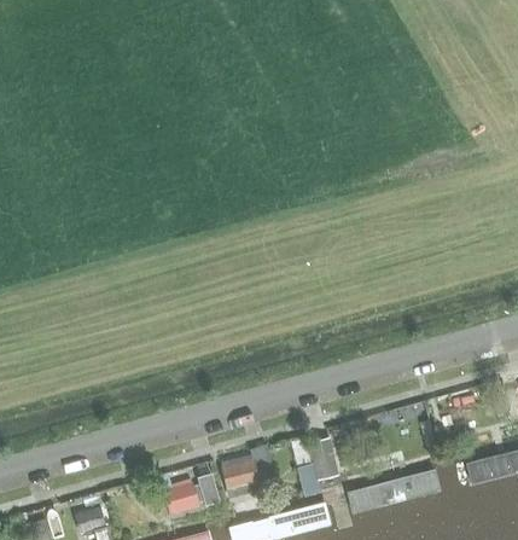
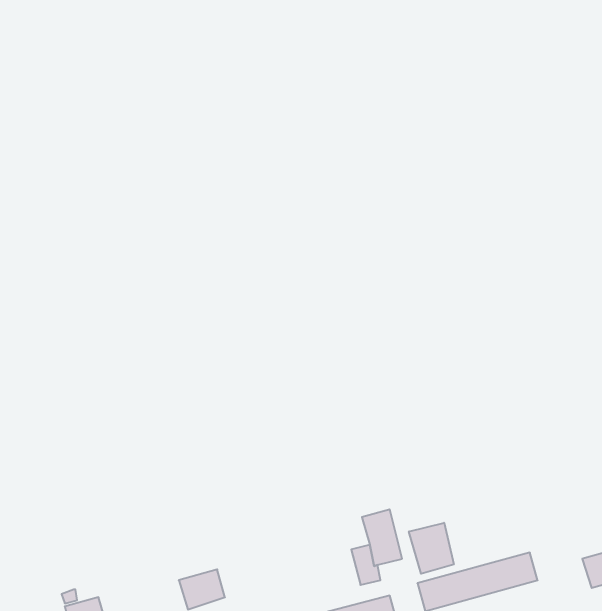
building: none -> [409,523,454,574]
building: [219,453,260,488] -> none

